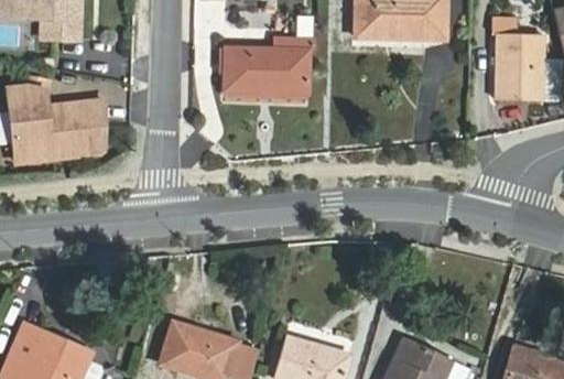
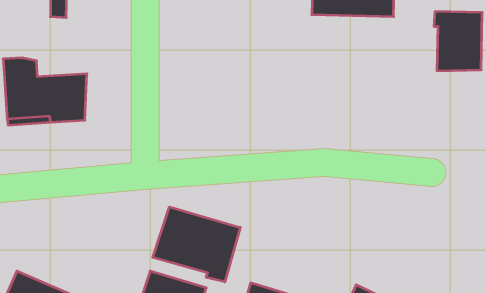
building: [223,36,310,93] -> none
building: none -> [153,207,240,282]

